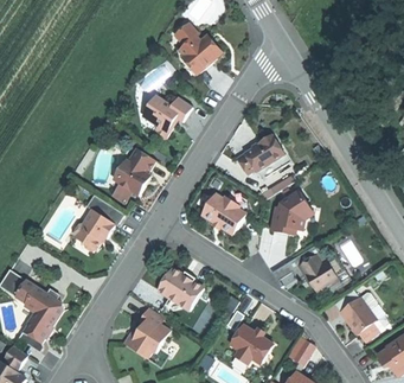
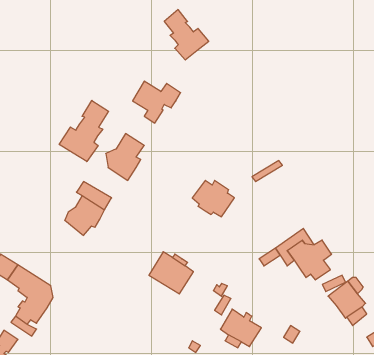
building: none -> [59,100,109,162]
building: [238,133,284,172] -> none
building: [269,191,313,234] -> none
building: [123,307,166,358] -> none

